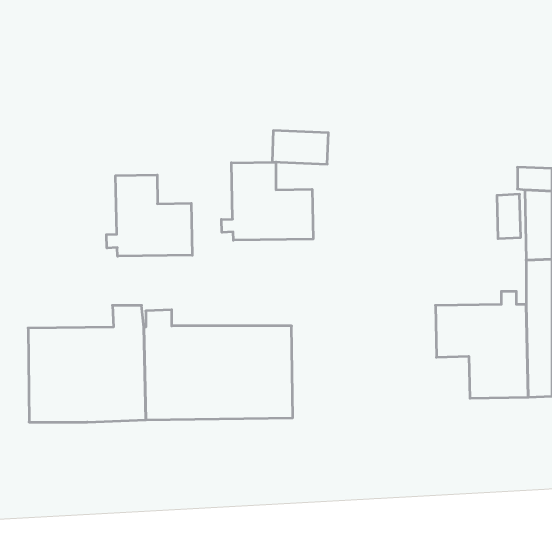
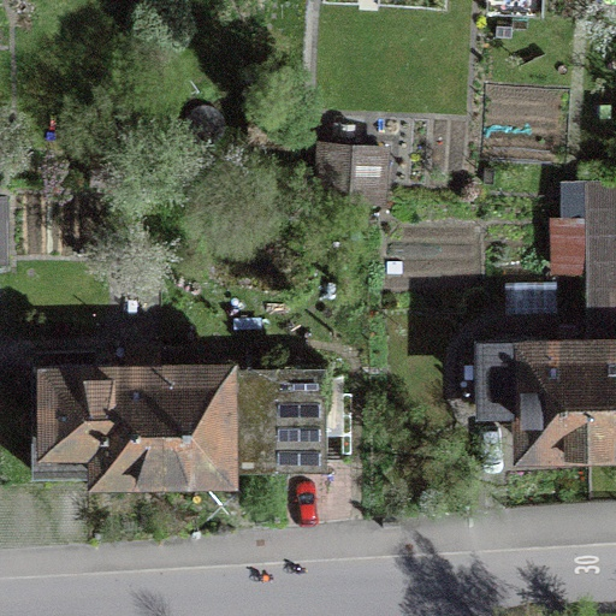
building: [221,162,313,240] -> none
building: [106,175,192,256] -> none

